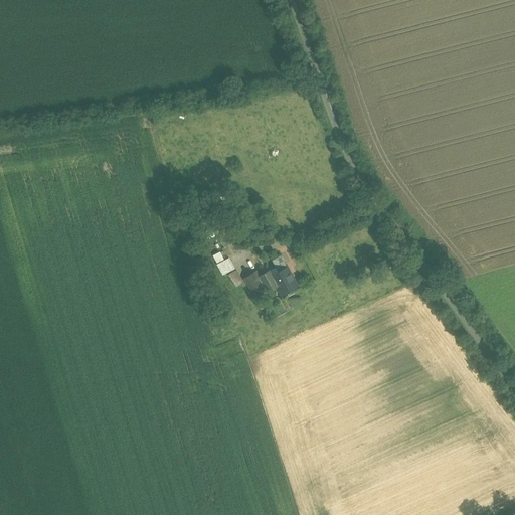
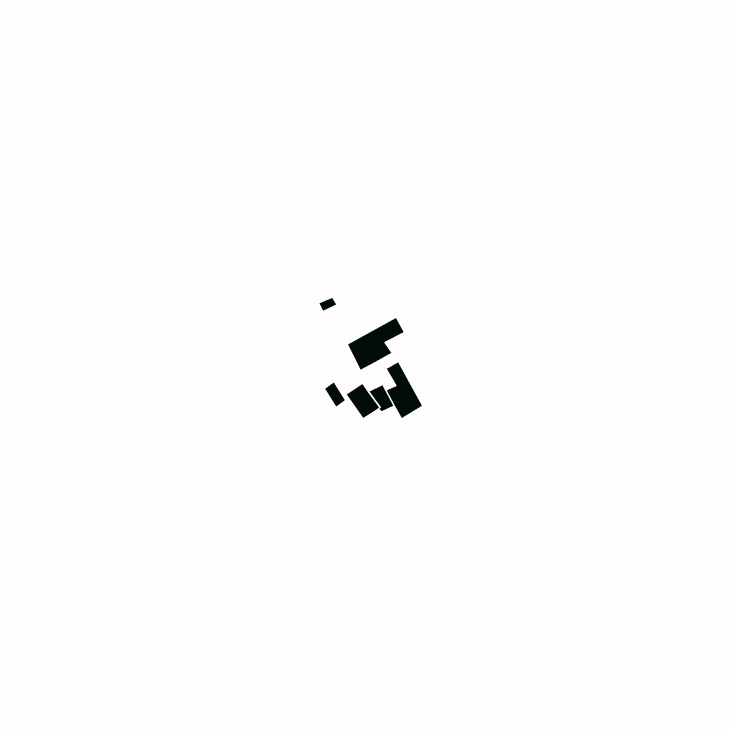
building: none -> [347,317,404,370]

